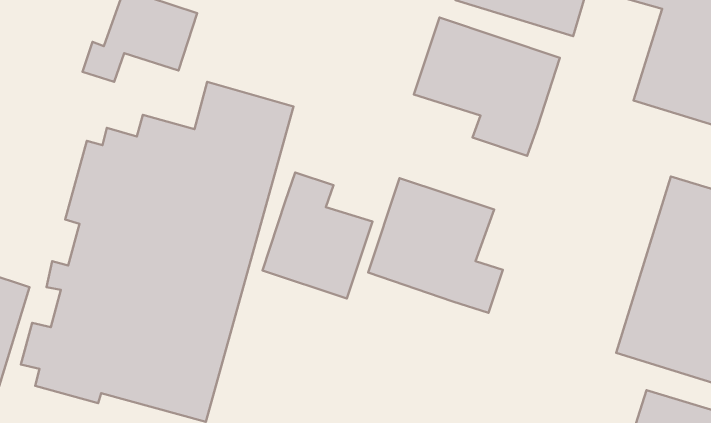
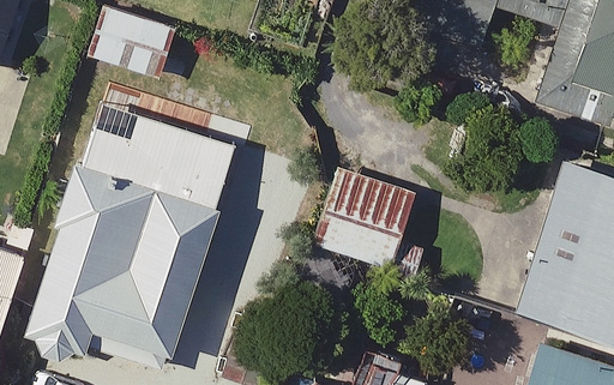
building: [414,18,560,156] -> none
building: [262,172,372,298] -> none

